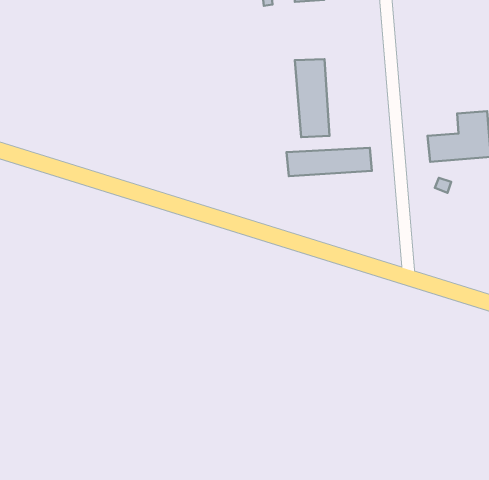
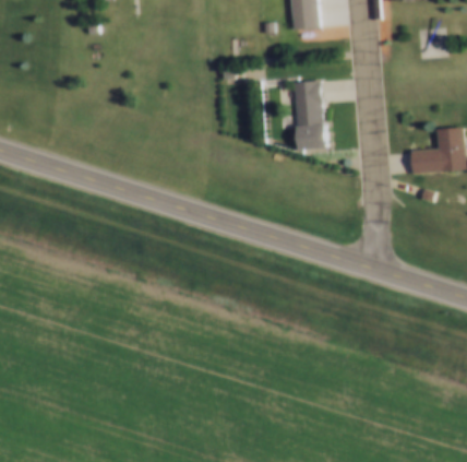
building: [287,148,372,176] -> none

